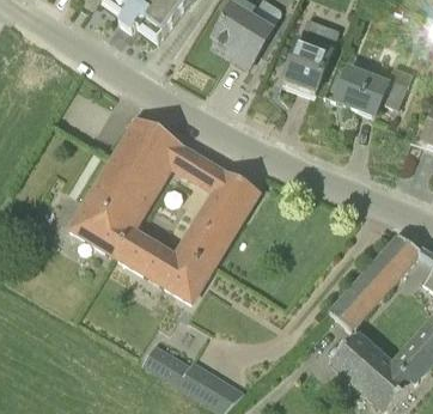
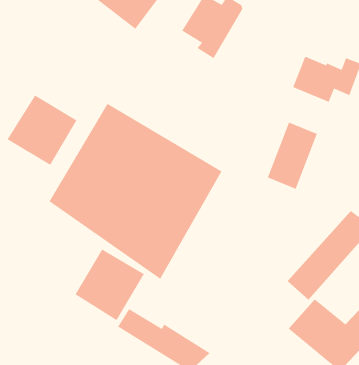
building: [283,16,340,91] -> [267,121,318,190]
building: none -> [7,95,78,166]
building: none -> [74,248,145,321]

